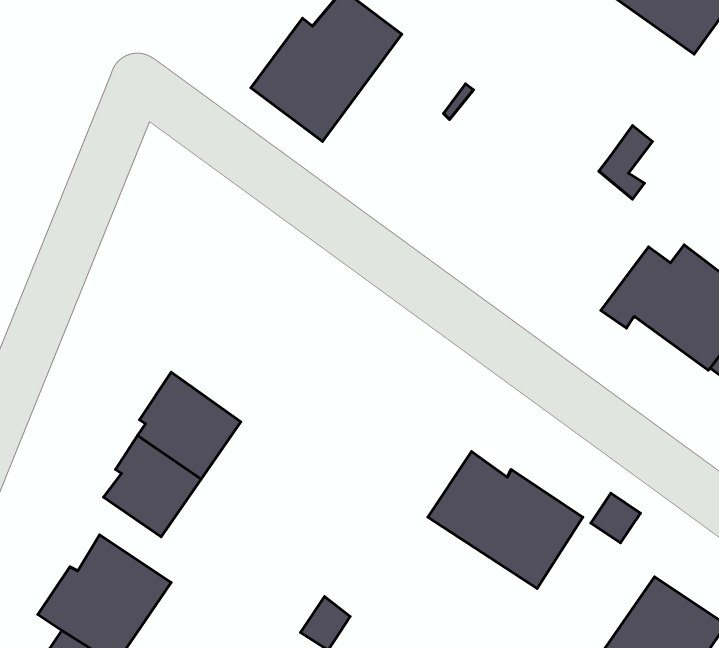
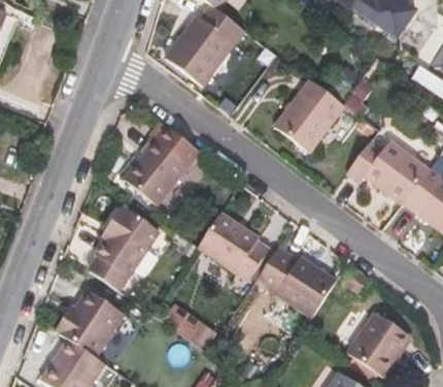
building: none -> [273,78,344,152]
building: none -> [123,124,199,204]
building: none -> [198,212,269,281]

